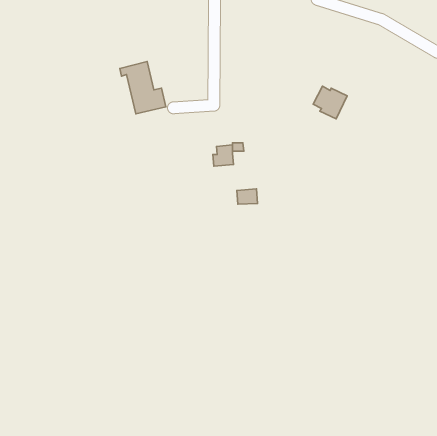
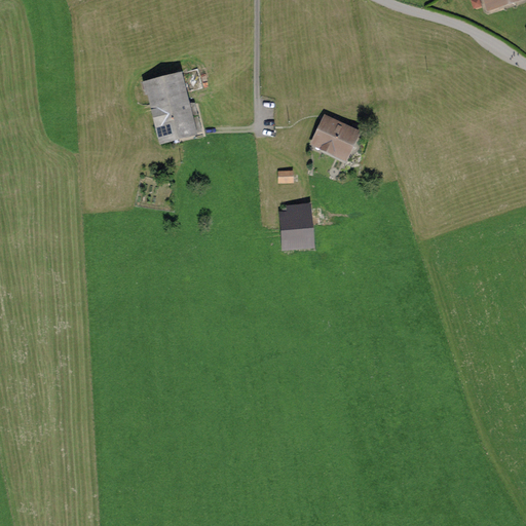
building: [313,86,347,119] -> [314,119,355,158]
building: [213,145,233,166] -> [284,203,308,229]

